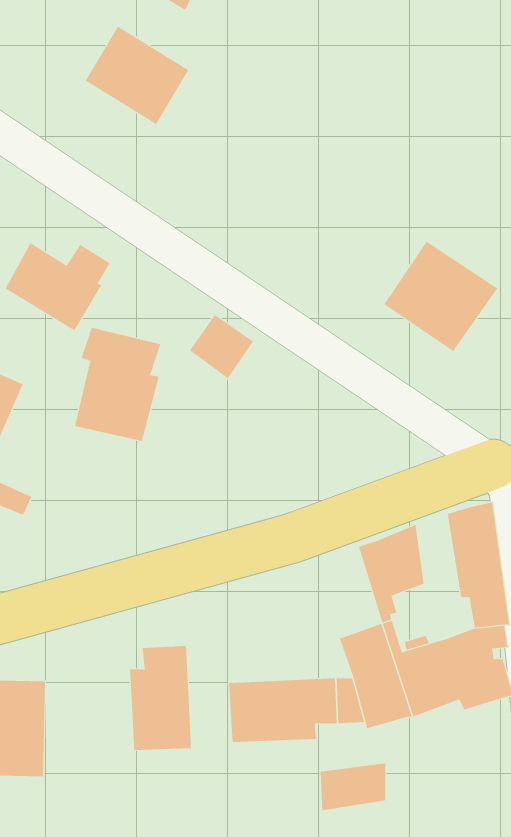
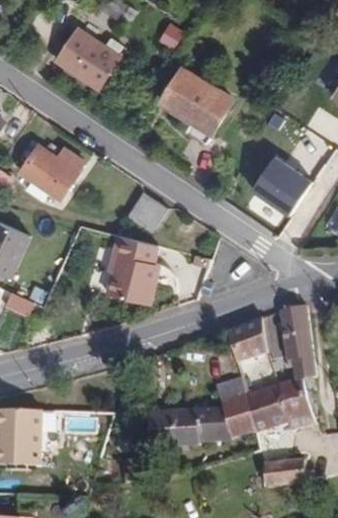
building: none -> [166,65,234,136]
building: [74,327,161,441] -> [106,234,158,301]
building: [129,645,191,751] -> none
building: [320,763,386,811] -> [264,460,304,489]

